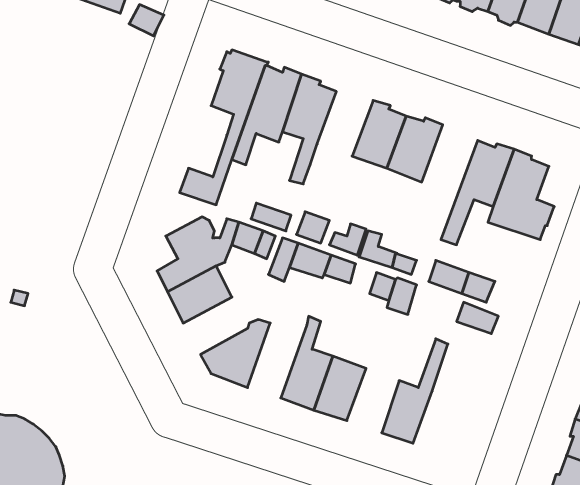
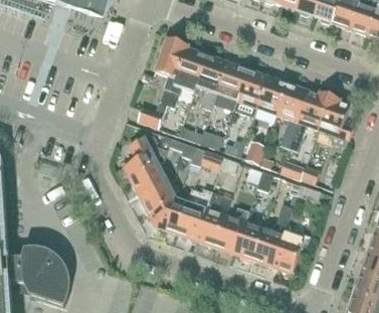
building: none -> [216,62,248,100]
building: none -> [276,82,309,148]
building: none -> [139,178,178,214]
building: none -> [176,190,211,240]
building: none -> [233,222,263,260]
building: none -> [271,236,303,273]

